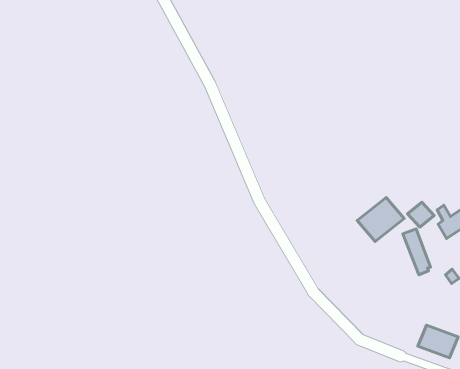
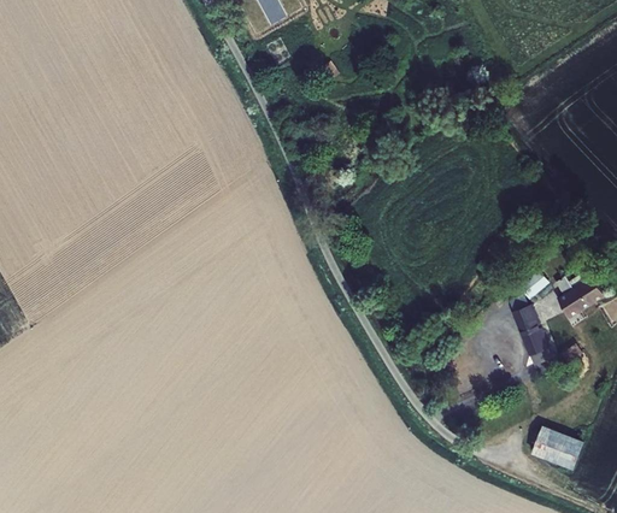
building: [357,197,404,241] -> none

